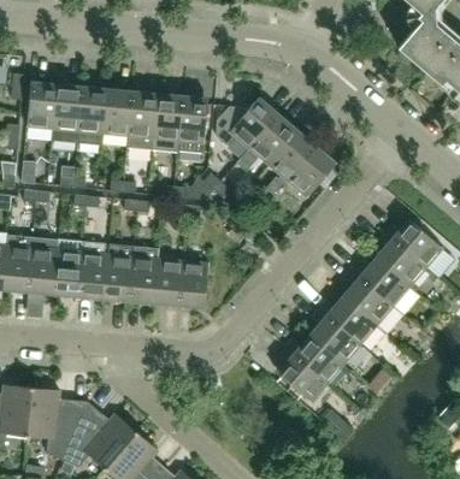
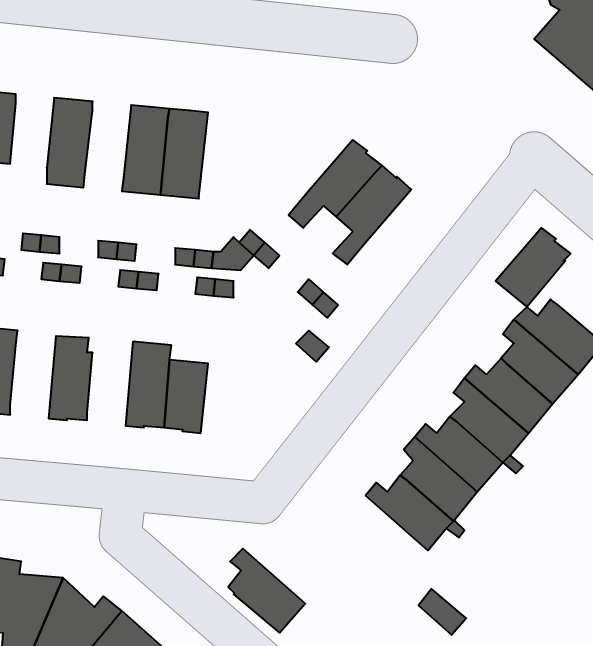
building: [53,84,82,132] -> none
building: [102,89,132,137] -> none
building: [177,96,208,153] -> none
building: [216,97,278,149] -> none
building: [287,147,336,199] -> [496,228,571,307]
building: [53,239,83,297] -> none
building: [104,244,134,302] -> none
building: [178,261,208,308] -> none
building: [277,348,328,403] -> [228,549,305,633]

